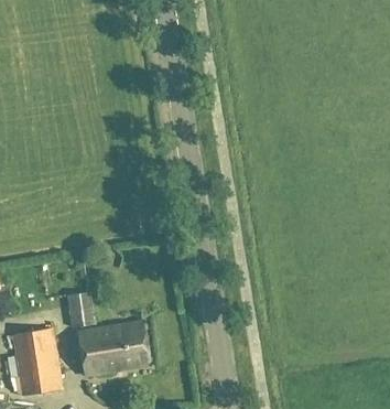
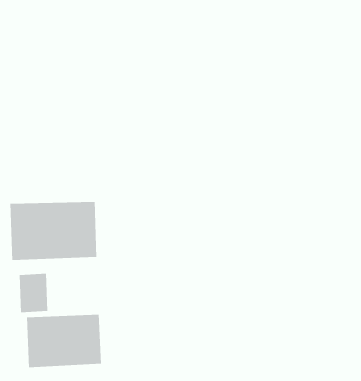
building: none -> [10,201,97,261]

